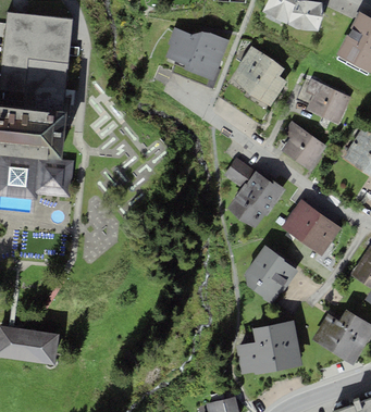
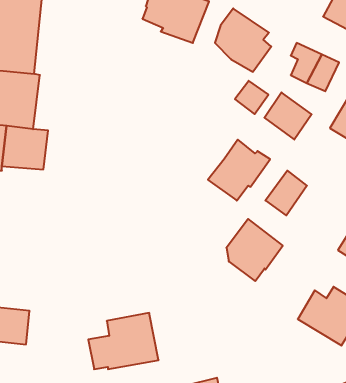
building: [224,158,256,189] -> [235,81,268,114]
building: [301,214,341,257] -> none
building: [236,321,302,374] -> [88,313,159,369]

